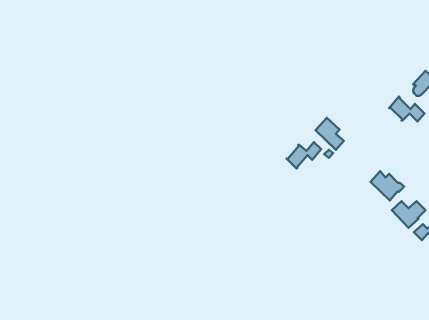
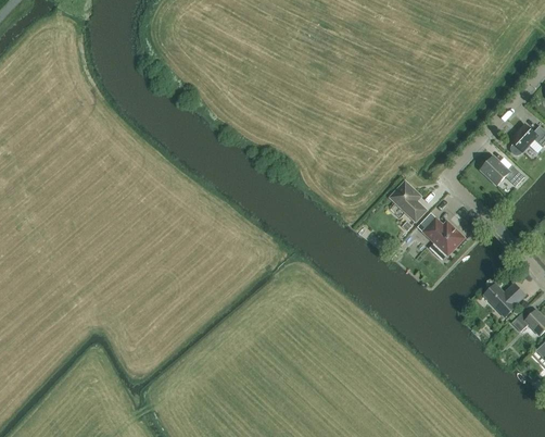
building: [287,142,321,169] -> none
building: [370,171,404,201] -> [423,219,465,254]

